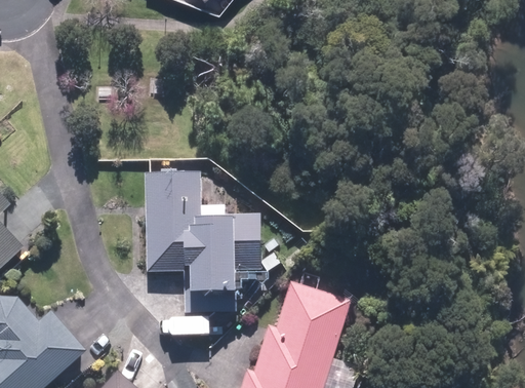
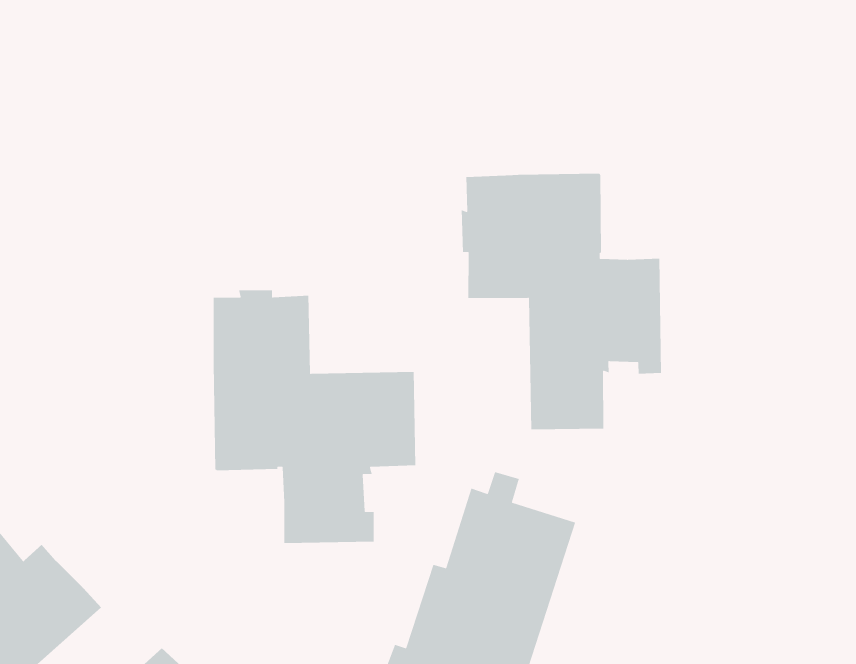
building: none -> [461,173,662,430]

